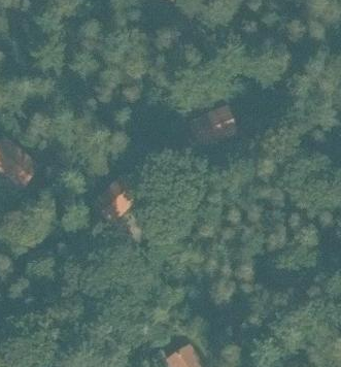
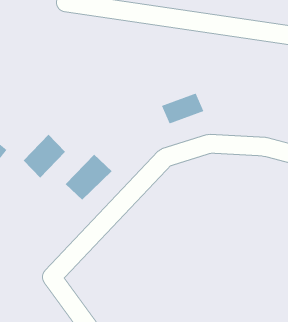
building: none -> [23,134,66,179]

